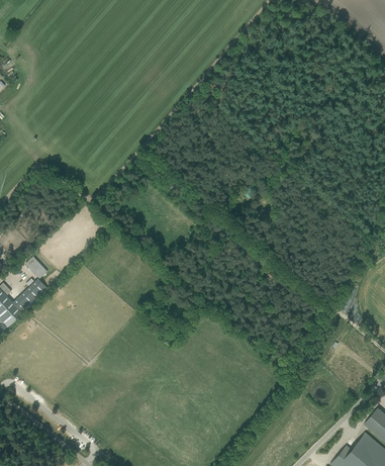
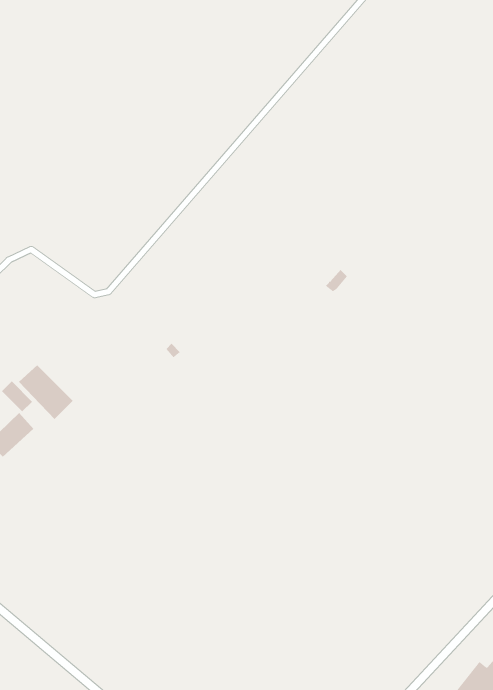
building: none -> [18,365,74,420]

